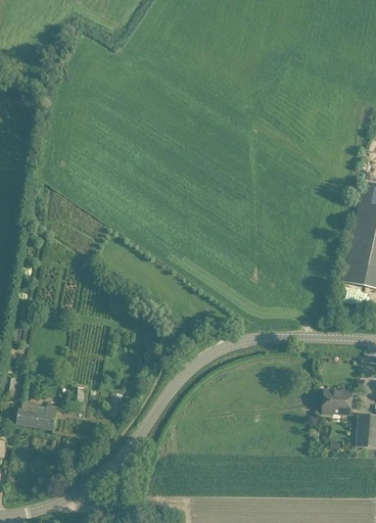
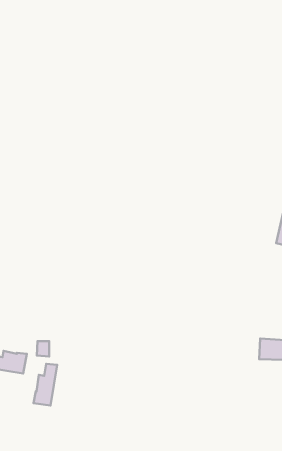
building: none -> [33,364,57,405]

